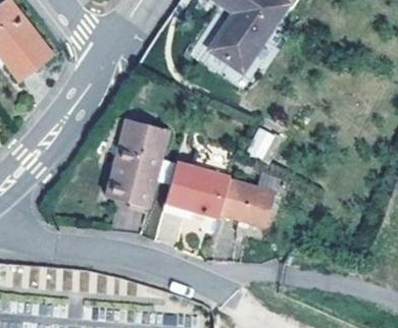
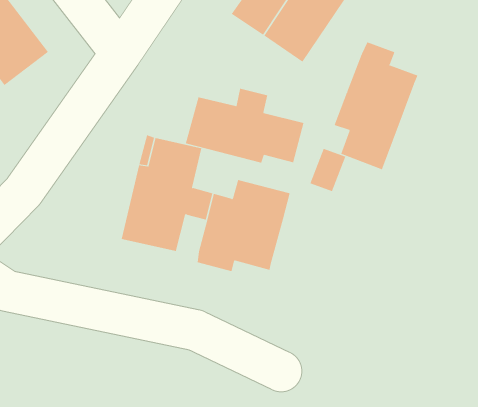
building: none -> [334,42,418,170]
building: none -> [185,88,304,163]
building: [219,180,275,225] -> none

